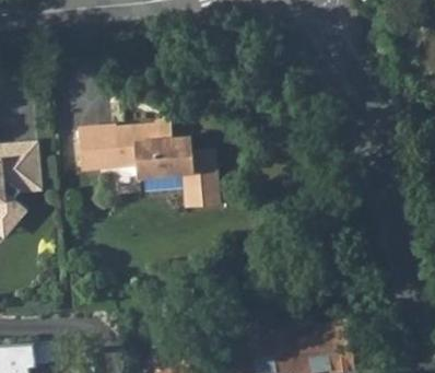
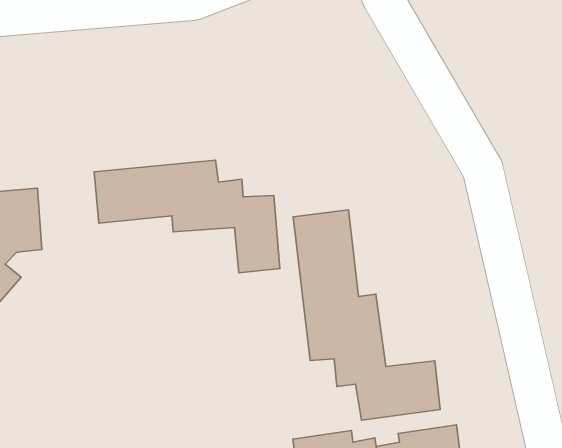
building: none -> [293,210,440,420]

